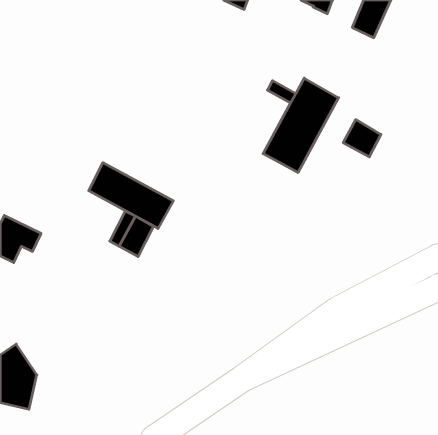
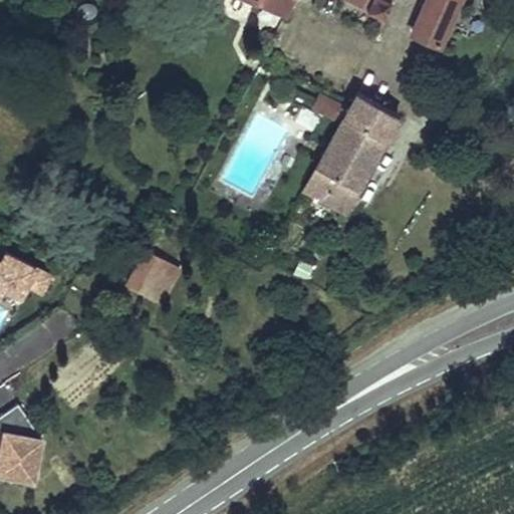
building: [343,120,381,157] -> none
building: [89,163,173,229] -> none

